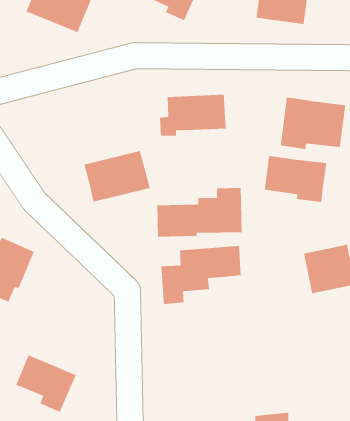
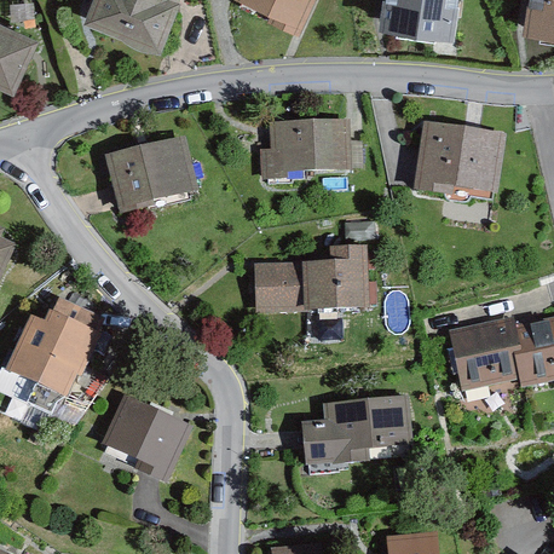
building: [83,150,151,202] -> [106,143,194,210]
building: [264,155,327,203] -> none
building: [160,245,242,305] -> [304,397,409,474]
building: [15,354,77,413] -> [106,404,186,480]

